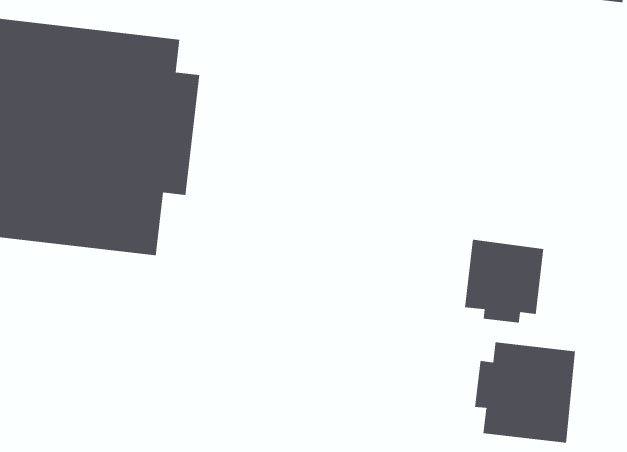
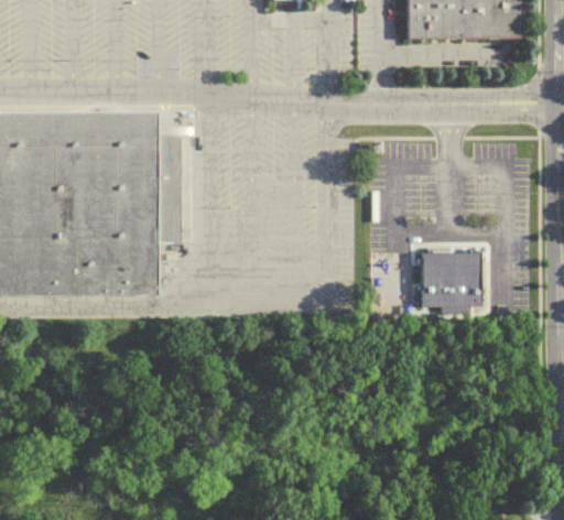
building: [475,341,576,444] -> none

